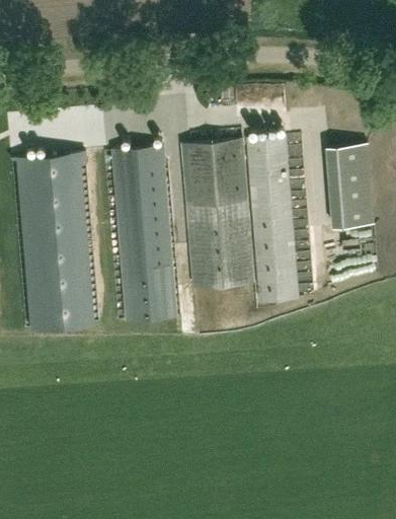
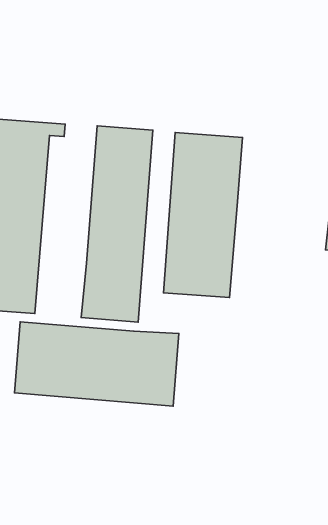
building: [247,137,296,303] -> none
building: none -> [14,322,179,406]

